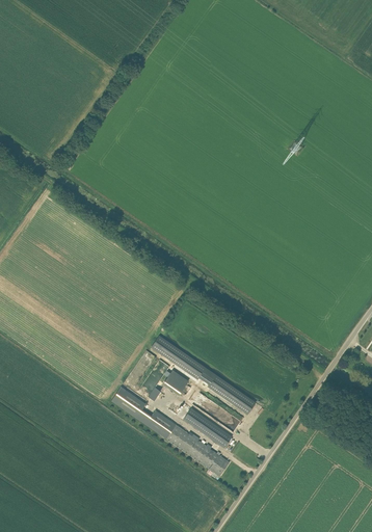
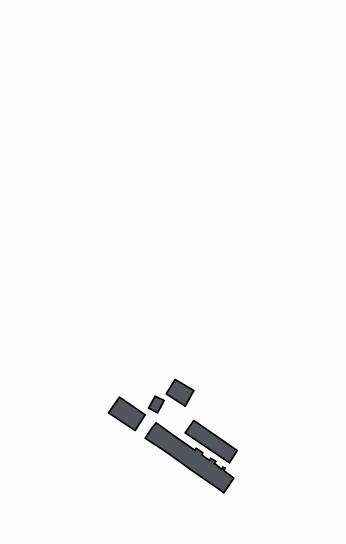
building: [151,335,206,379] -> none
building: [207,373,256,414] -> none

